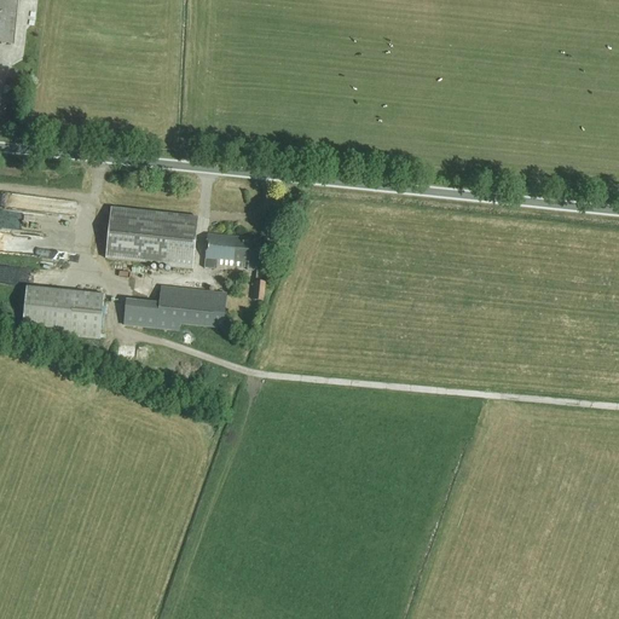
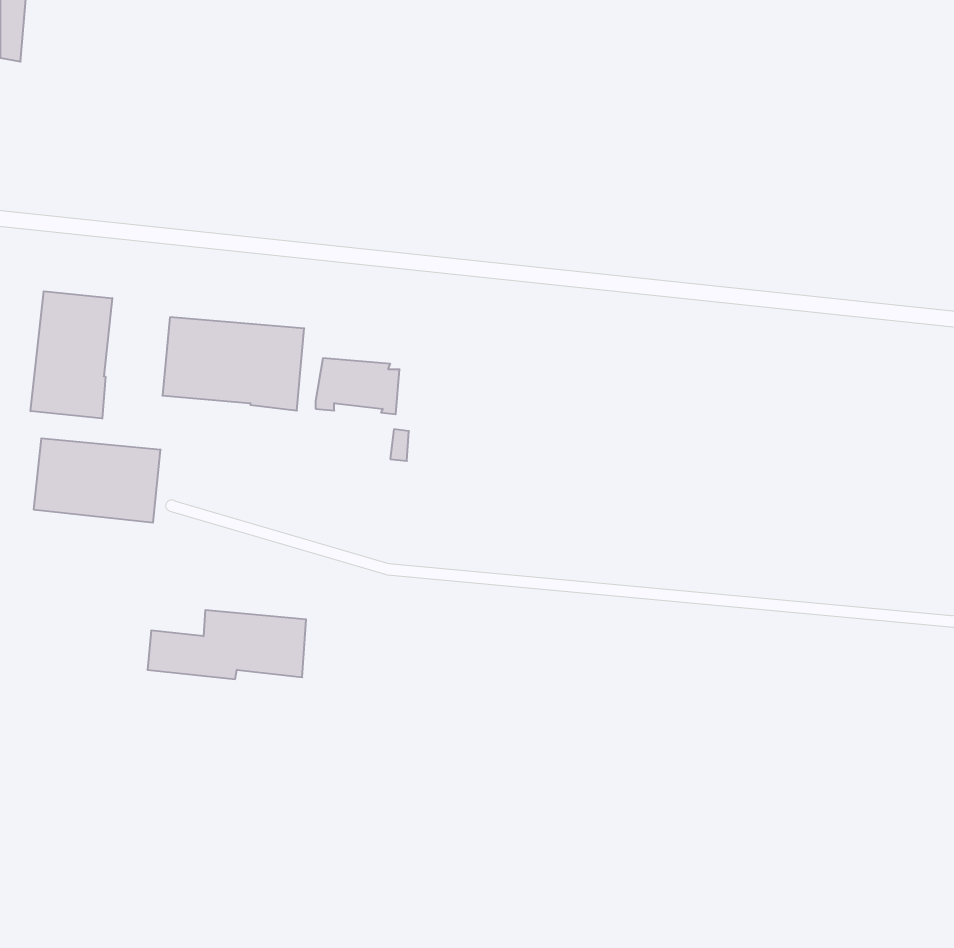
building: none -> [31,291,112,419]
building: [123,284,226,329] -> [147,610,306,679]

